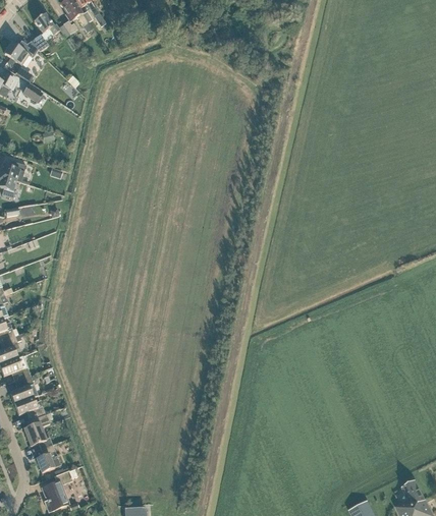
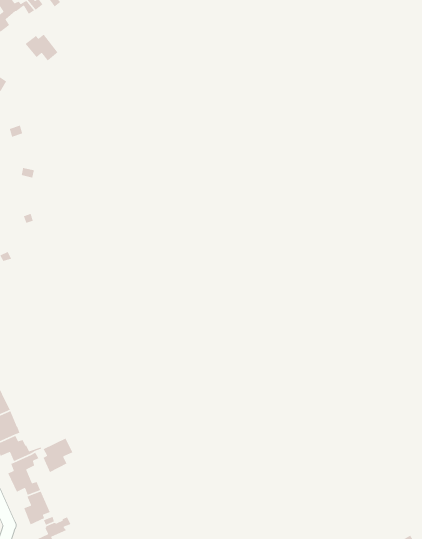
building: none -> [25,34,59,62]
building: none -> [43,438,74,473]

